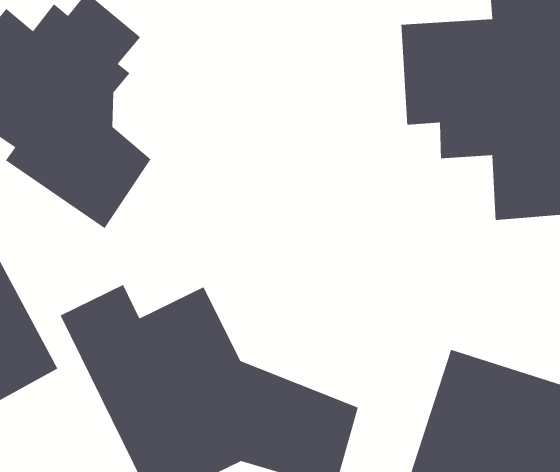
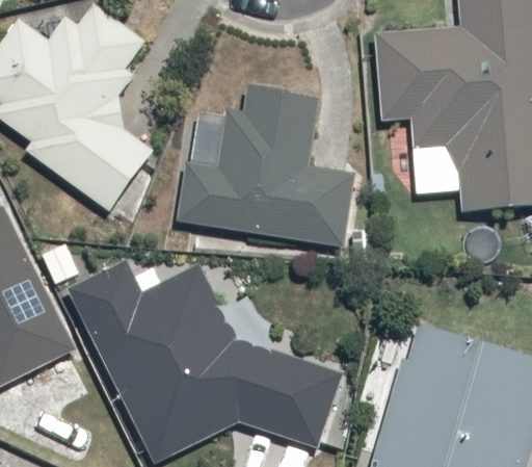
building: none -> [180,89,347,240]

